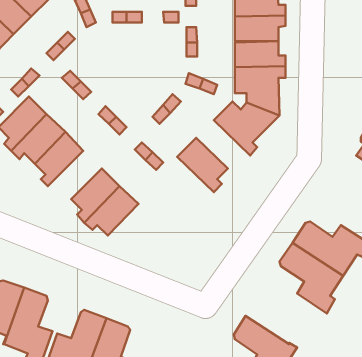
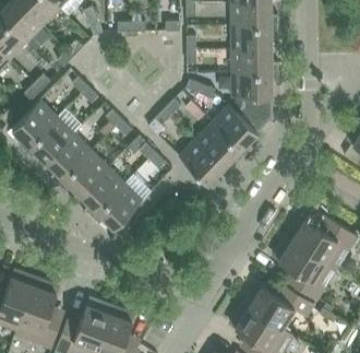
building: none -> [195,121,245,166]
building: none -> [58,150,108,195]
building: none -> [241,284,314,329]

